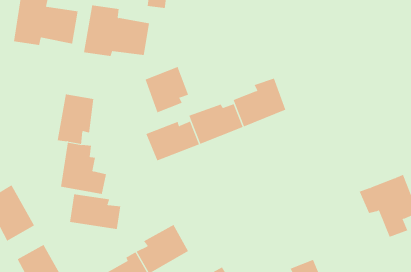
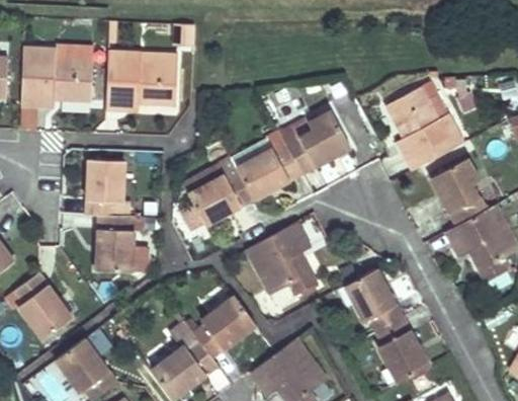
building: [145,66,189,113] -> none
building: none -> [385,87,462,170]
building: none -> [431,159,486,226]
building: none -> [246,222,316,308]
building: [70,193,121,230] -> none
building: none -> [345,268,402,331]

